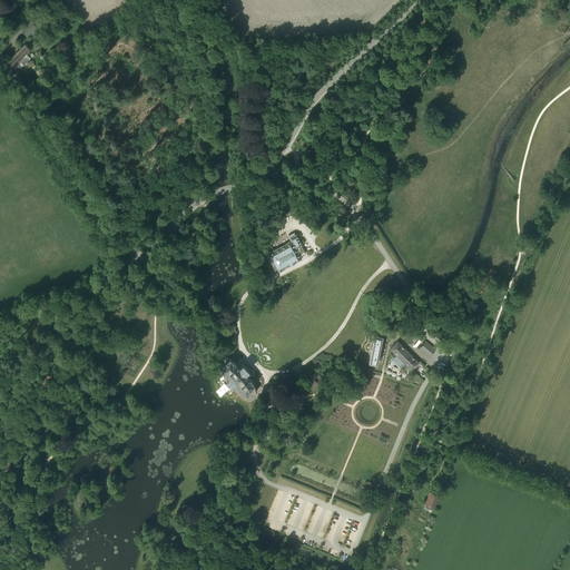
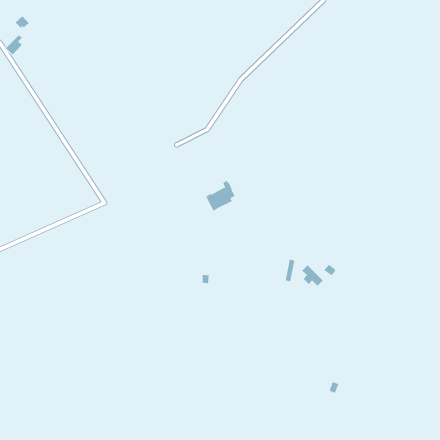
building: [219,357,255,396] -> none

